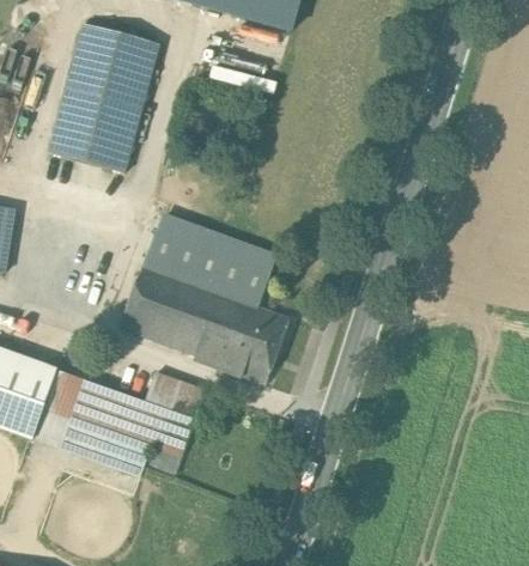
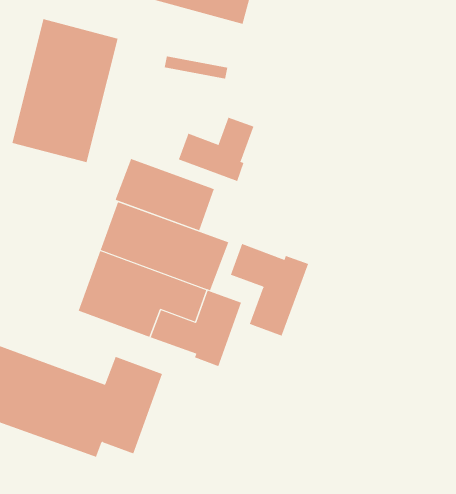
building: none -> [178,117,254,182]
building: none -> [115,158,215,231]
building: none -> [230,243,309,336]

